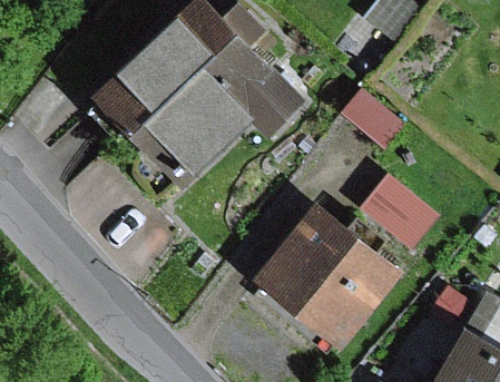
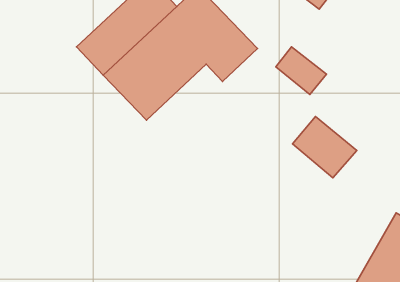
building: [254,204,402,350] -> none

